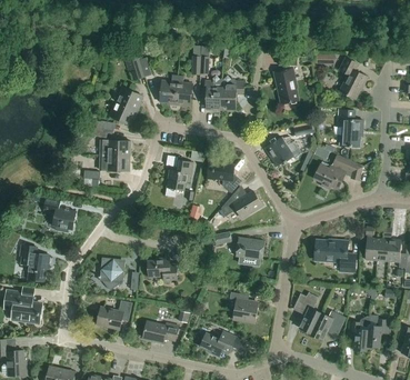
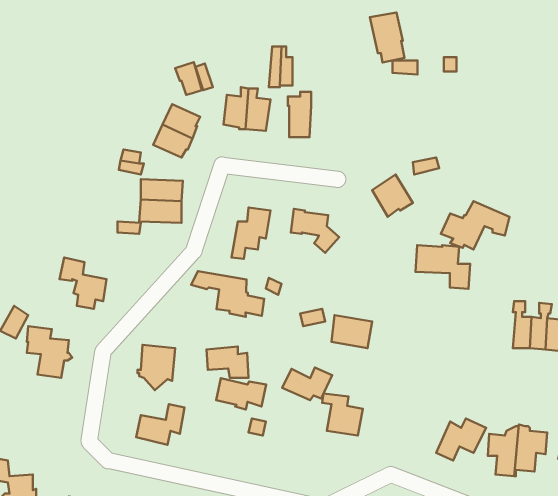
building: [339,57,368,99] -> none
building: [274,68,299,103] -> [370,13,404,63]
building: [221,78,244,110] -> none
building: [338,109,363,146] -> none
building: [222,191,262,218] -> none
building: none -> [191,271,264,317]
building: [317,241,356,272] -> [416,245,470,289]
building: [7,291,41,322] -> none
building: [292,294,321,334] -> none
building: [143,321,179,343] -> [216,378,266,410]
building: [200,331,236,354] -> [282,367,332,400]

